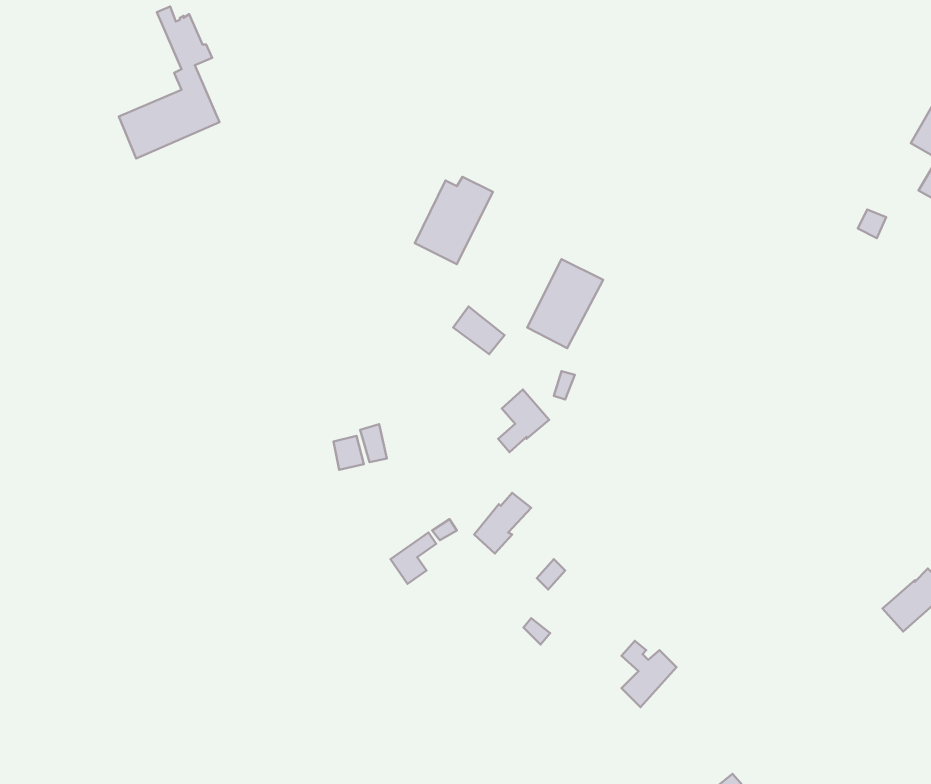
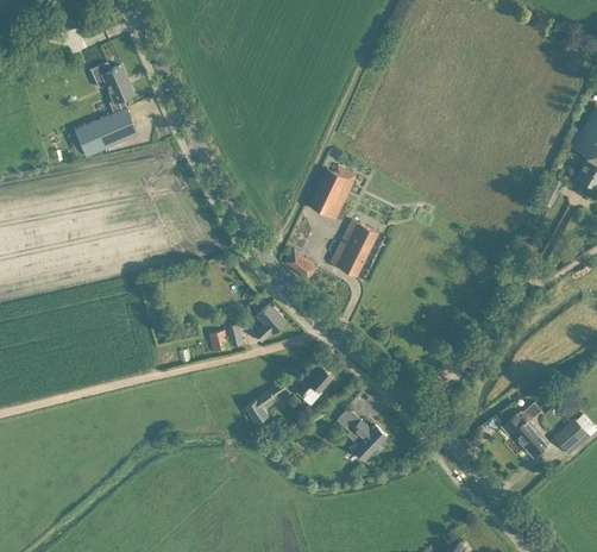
building: [415,177,493,264] -> [308,164,357,219]
building: [498,389,549,452] -> [254,302,287,341]
building: none -> [502,408,548,456]
building: [622,641,677,707] -> [352,419,387,460]

